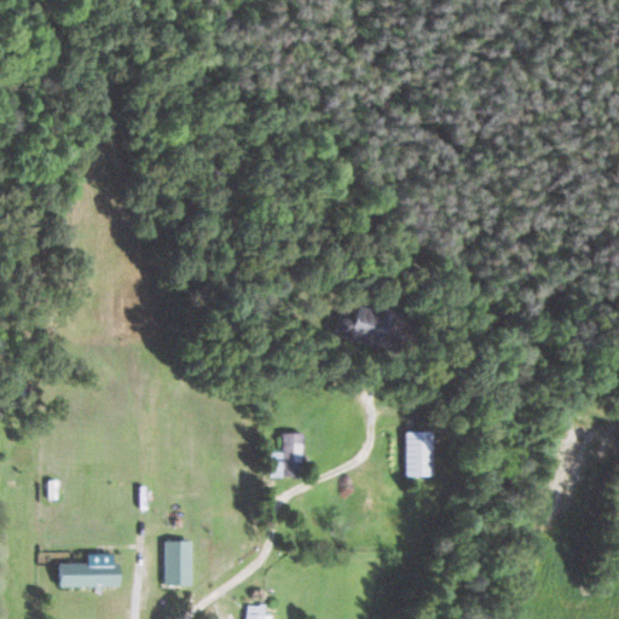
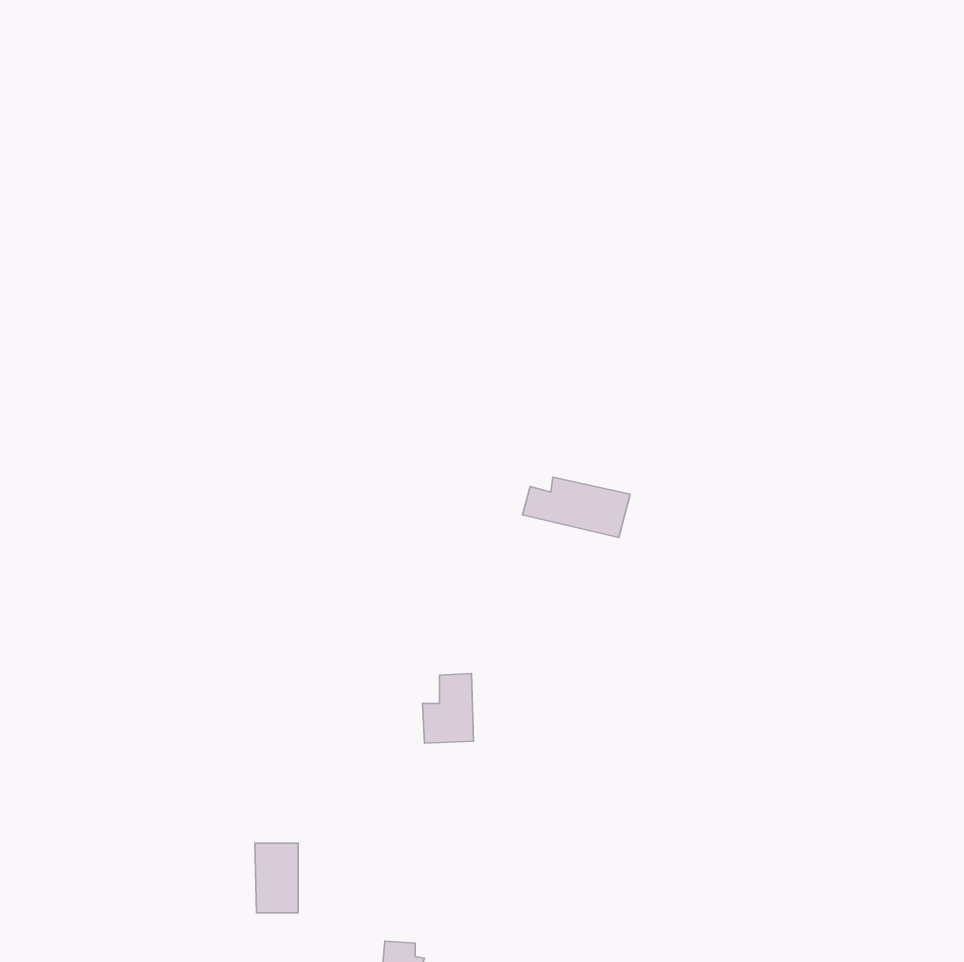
building: [405,432,433,476] -> none
building: [58,562,117,588] -> none

